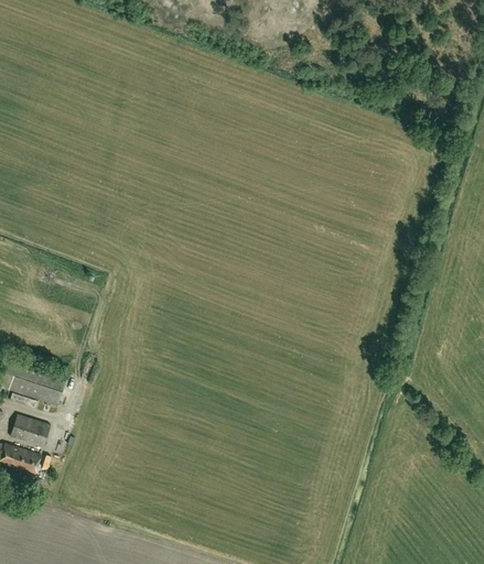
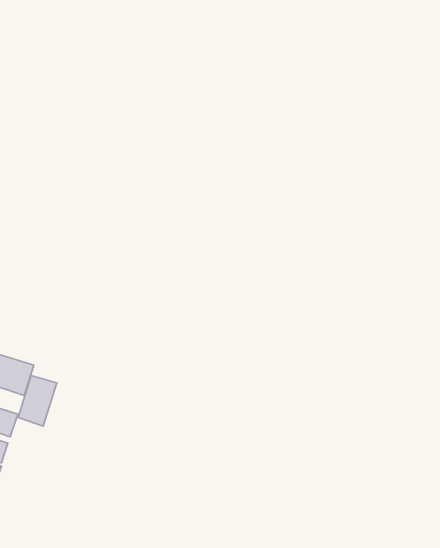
building: none -> [18,375,57,426]

